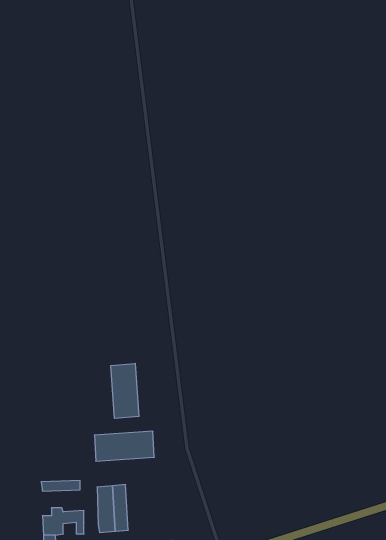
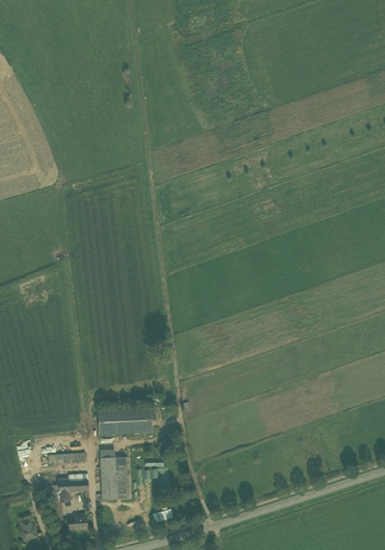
building: [111,363,139,418] -> none

